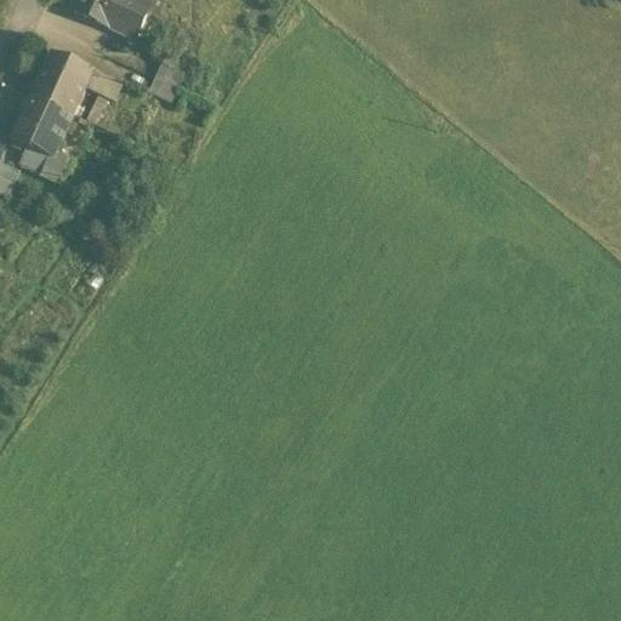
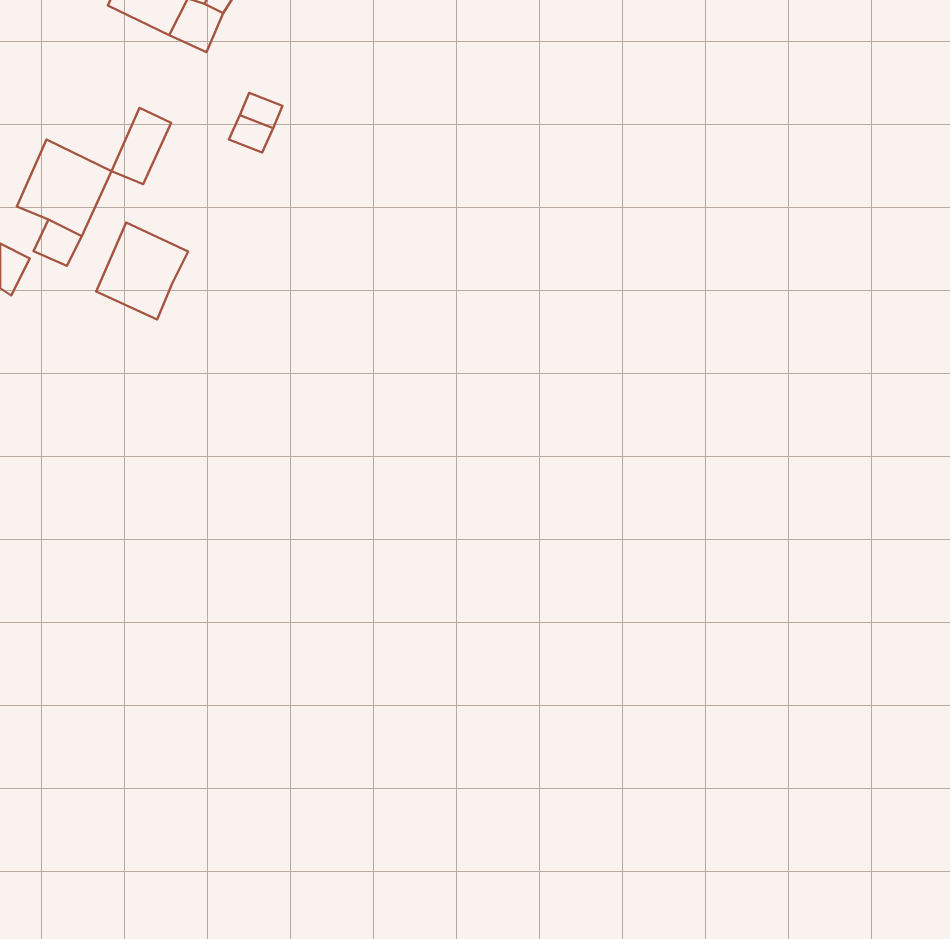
building: [30,47,93,112] -> none
building: none -> [96,222,188,319]

